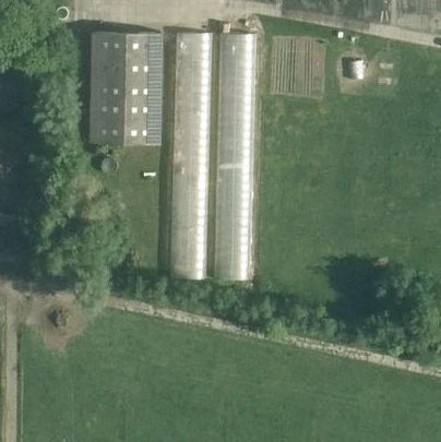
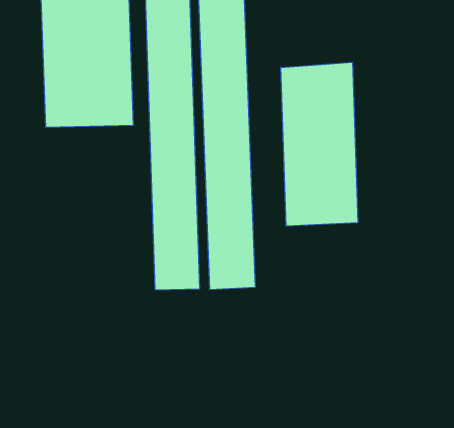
building: none -> [281,62,358,226]

